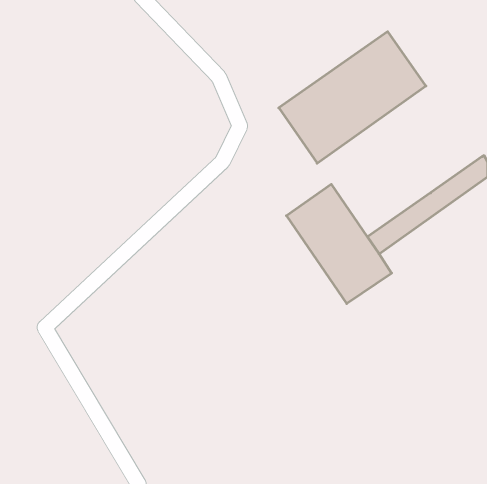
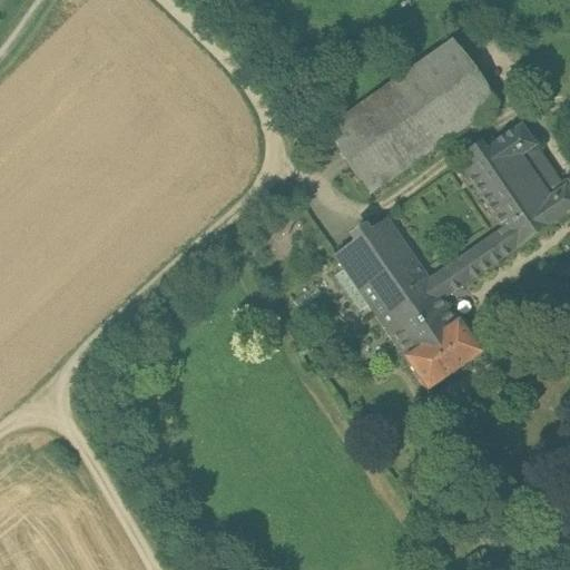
building: none -> [461,121,563,225]
building: none -> [405,317,481,387]

